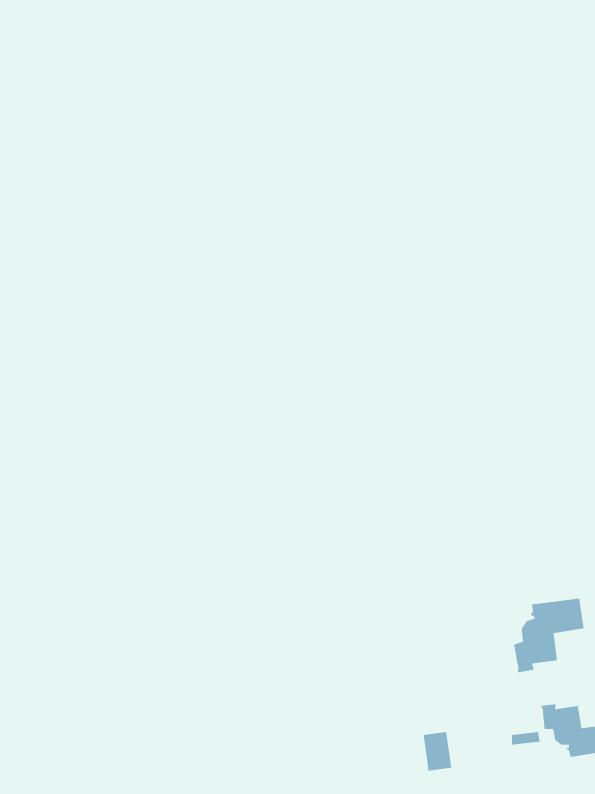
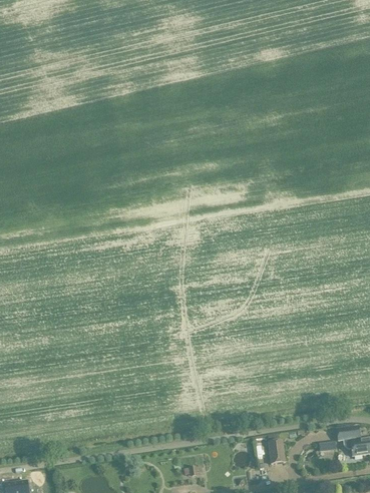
building: [513,598,584,673] -> none

